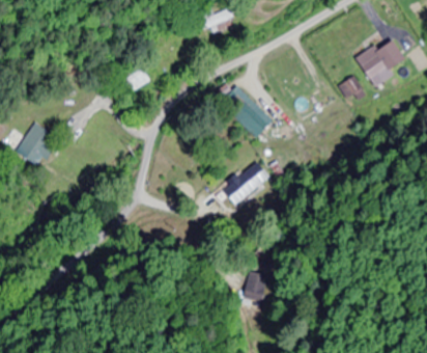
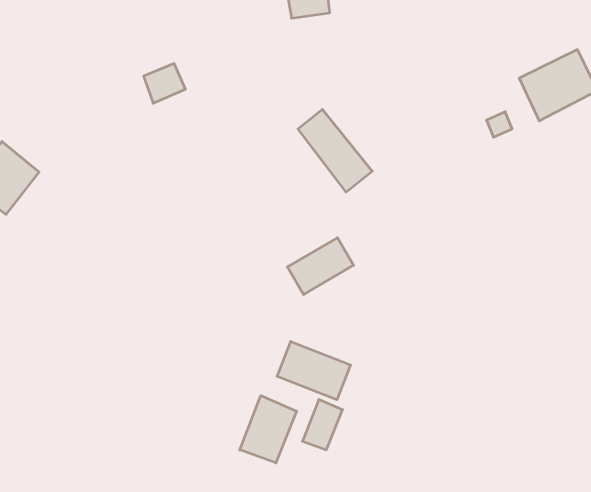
building: none -> [277,341,351,400]
building: none -> [240,396,297,463]

